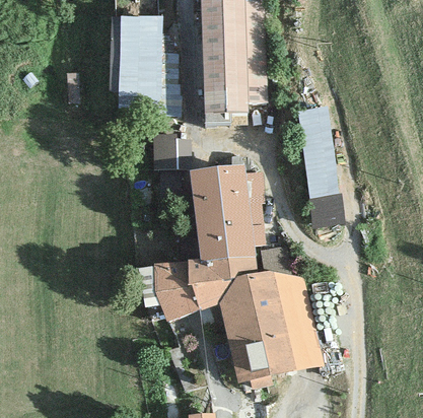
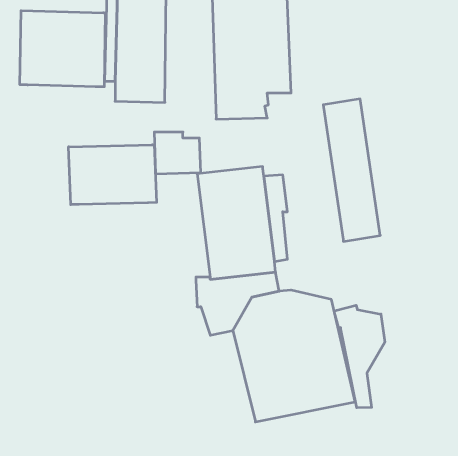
building: none -> [20,11,105,87]
building: none -> [69,144,157,205]
building: [154,262,200,321] -> none
building: none -> [334,305,385,408]

